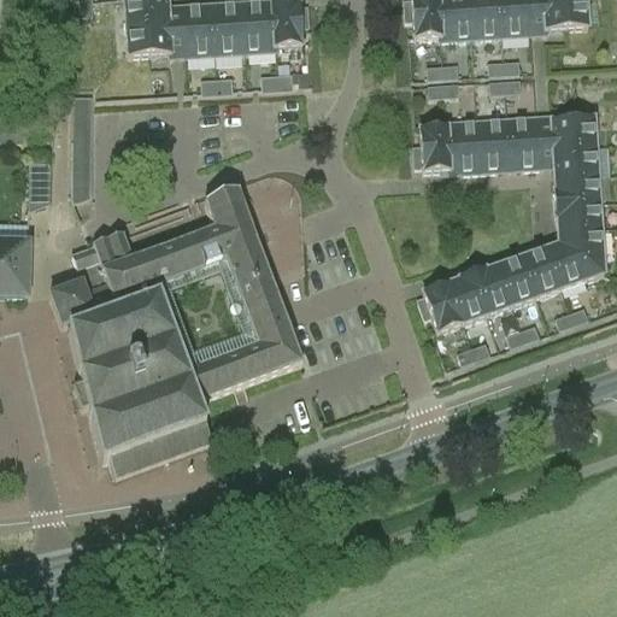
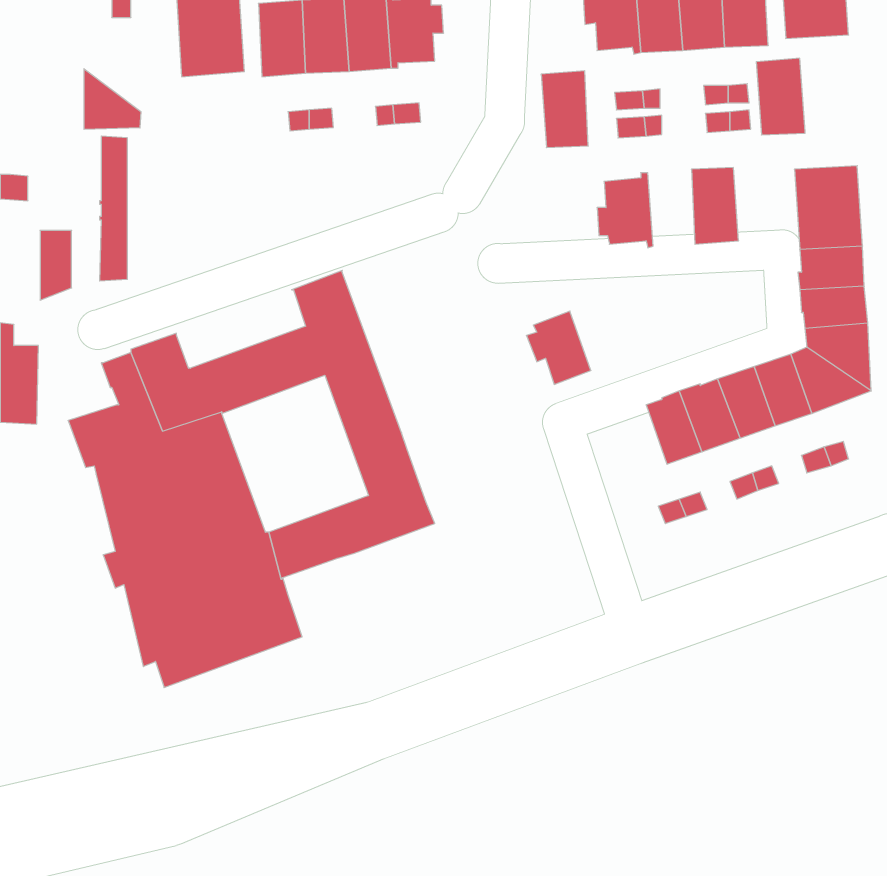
building: none -> [84,69,141,129]
building: [510,113,543,166] -> [756,58,805,135]
building: [451,117,483,170] -> [541,71,588,148]
building: [419,280,464,330] -> [526,311,591,384]

